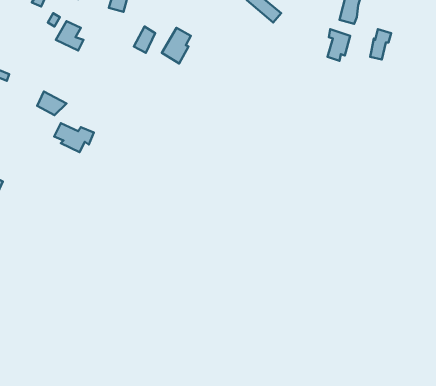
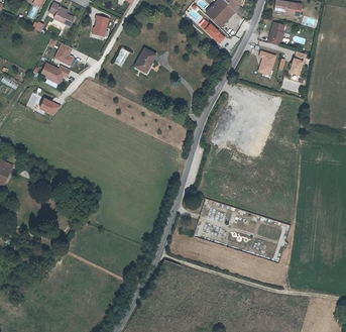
building: [54,123,94,152] -> [40,63,71,85]

